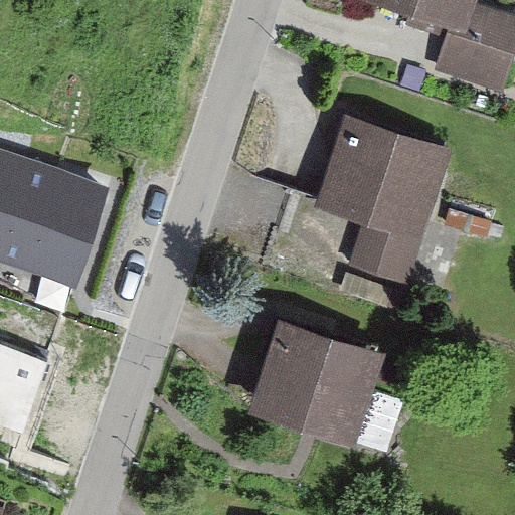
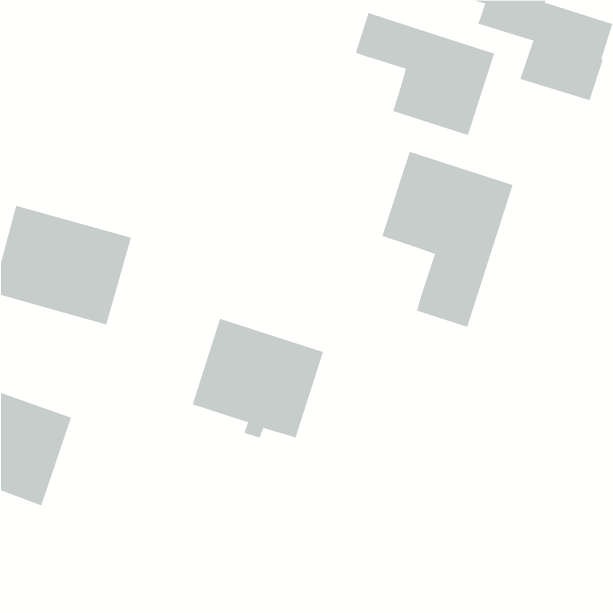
building: none -> [355,12,495,136]
building: [253,330,364,431] -> [192,318,324,438]

